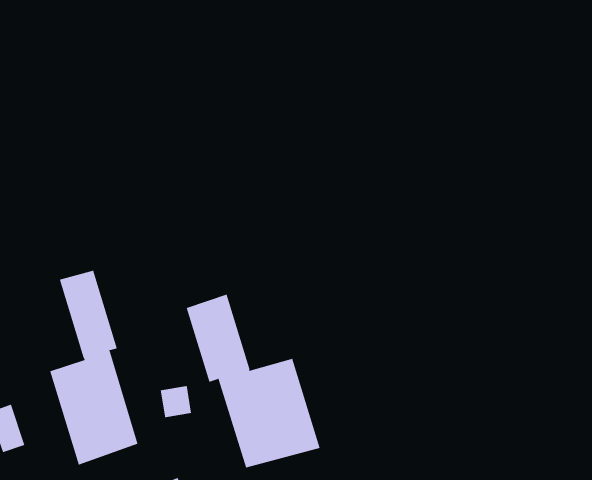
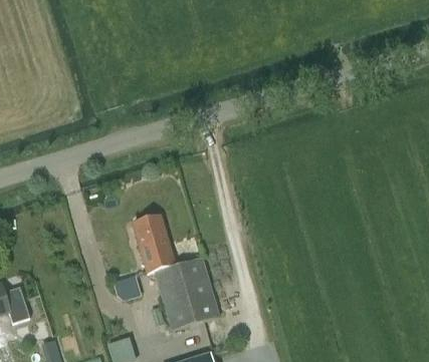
building: [49,270,138,466] -> none

